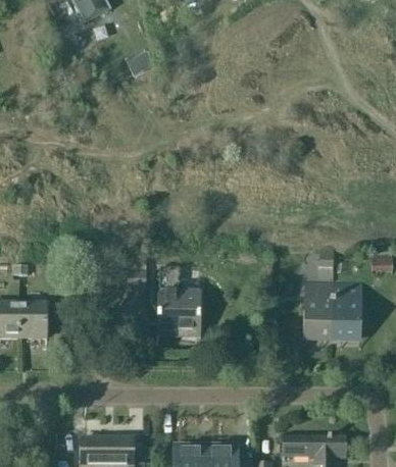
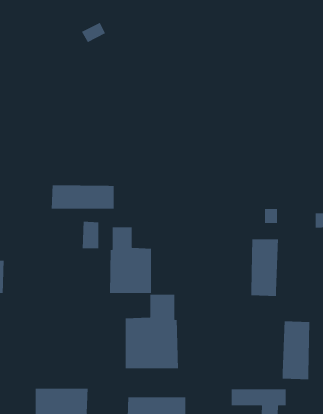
building: none -> [51,185,115,210]
building: [331,280,360,343] -> [282,321,310,380]
building: none -> [125,294,179,369]

